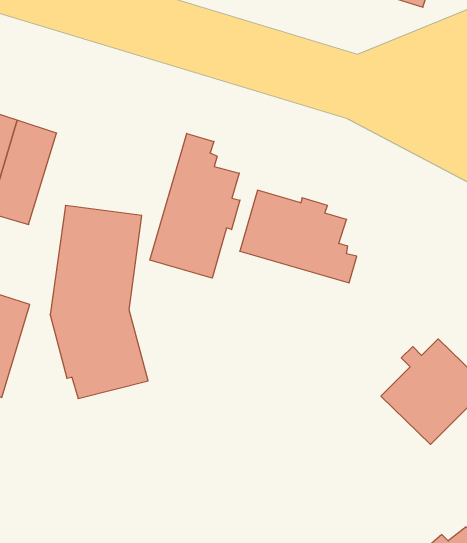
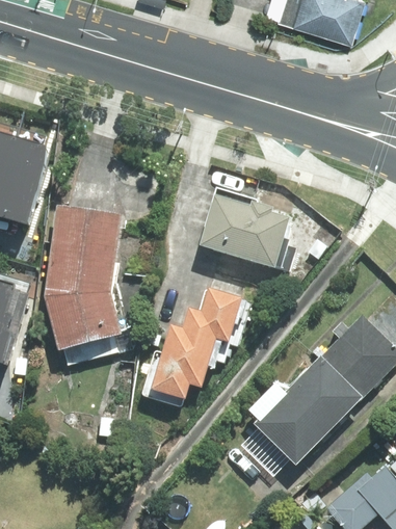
building: [150,133,240,278] -> none
building: none -> [141,287,249,406]
building: none -> [241,363,355,475]

